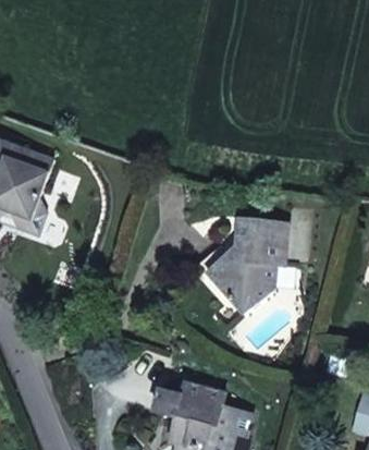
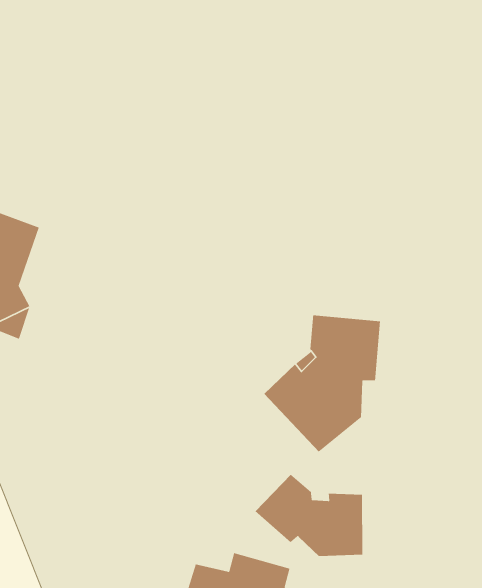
building: none -> [255,474,363,557]

